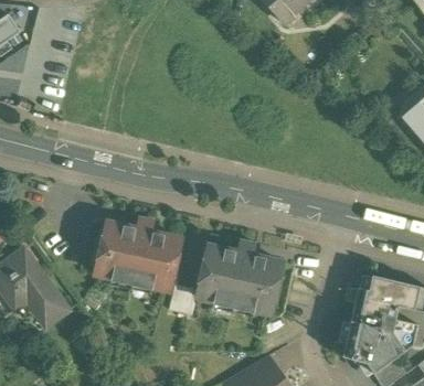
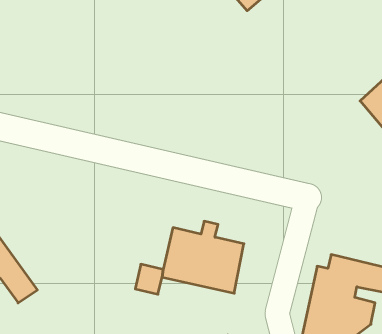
building: [96,216,181,290] -> none

